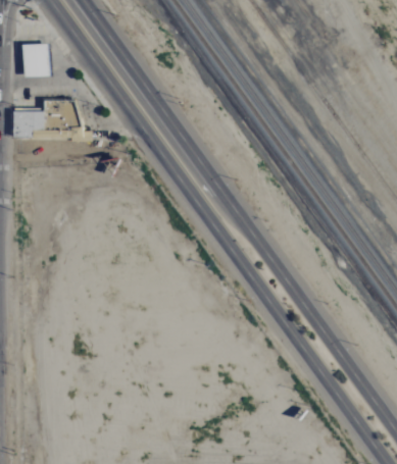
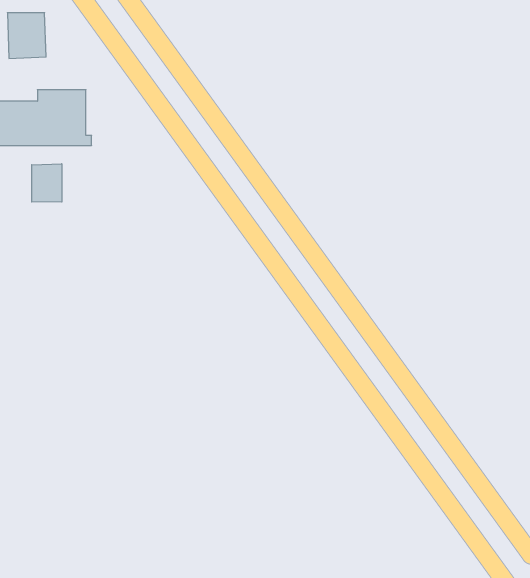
building: none -> [32,164,62,202]

